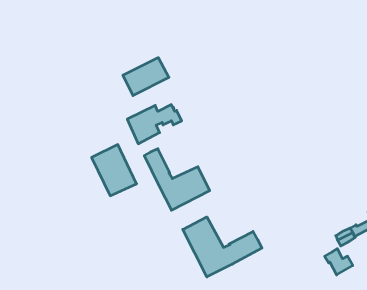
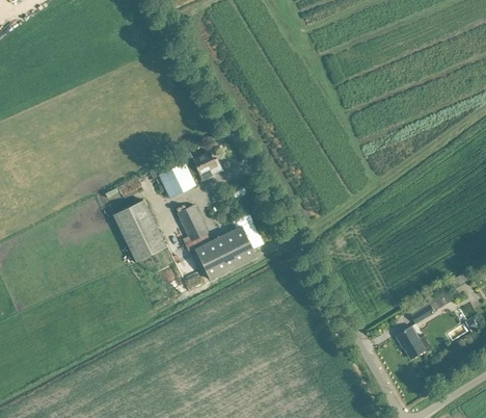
building: [123,58,169,96] -> none
building: [183,217,262,277] -> none

